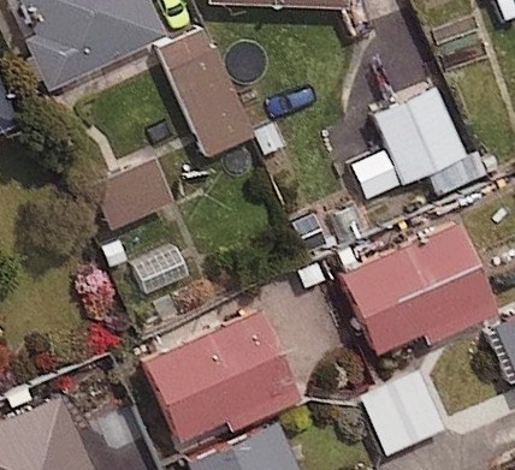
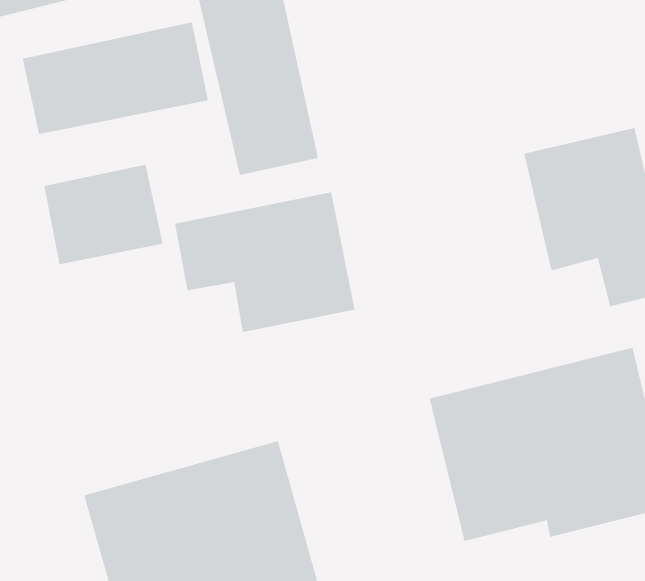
building: none -> [22,22,208,135]
building: none -> [175,191,355,333]

